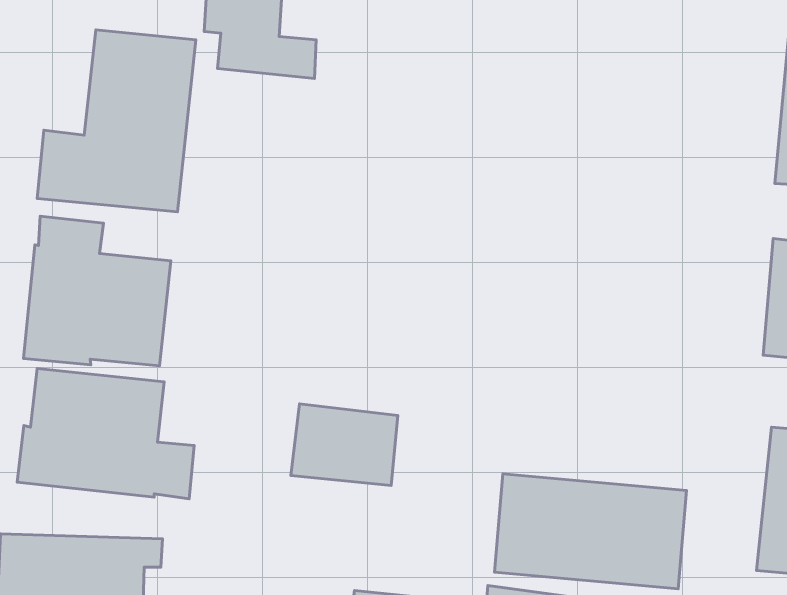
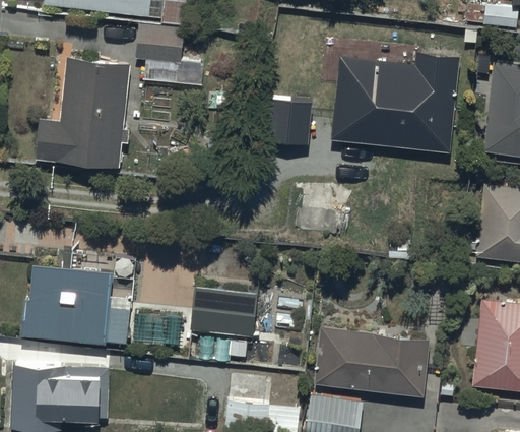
building: none -> [332,50,460,150]
building: none -> [266,101,310,143]
building: [23,216,171,366] -> none

